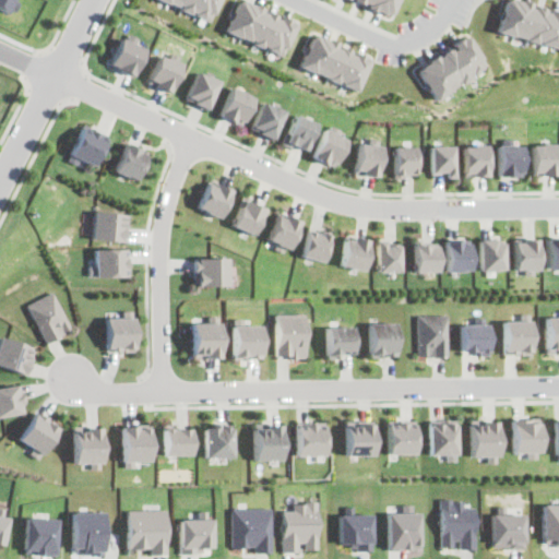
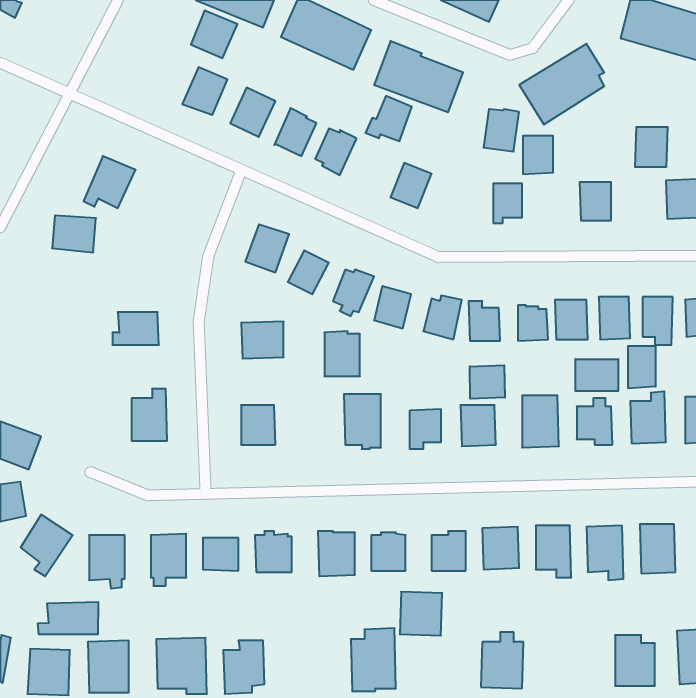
building: [111,38,148,76] -> [191,10,237,58]
building: [282,116,319,152] -> [365,96,412,141]
building: [116,143,152,182] -> none
building: [356,144,384,178] -> [483,109,519,152]
building: [499,145,525,177] -> [635,127,668,167]
building: [432,146,456,177] -> [523,136,553,174]
building: [95,213,130,242] -> [52,215,96,252]
building: none -> [628,346,656,388]
building: none -> [575,359,618,391]
building: none -> [470,365,505,399]
building: [29,293,73,344] -> none
building: [235,323,263,359] -> [324,331,360,376]
building: none -> [38,602,98,634]
building: [440,500,475,550] -> none
building: [233,509,273,554] -> none
building: [338,514,372,549] -> [400,592,442,636]

